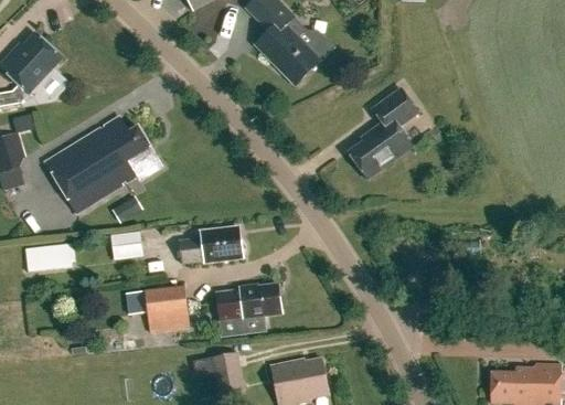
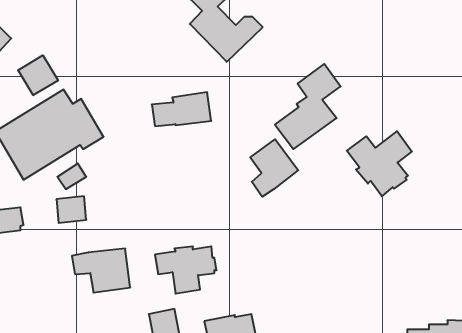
building: none -> [18,55,58,95]
building: none -> [347,131,412,196]
building: none -> [250,139,298,197]
building: [178,227,242,264] -> [152,92,211,126]

